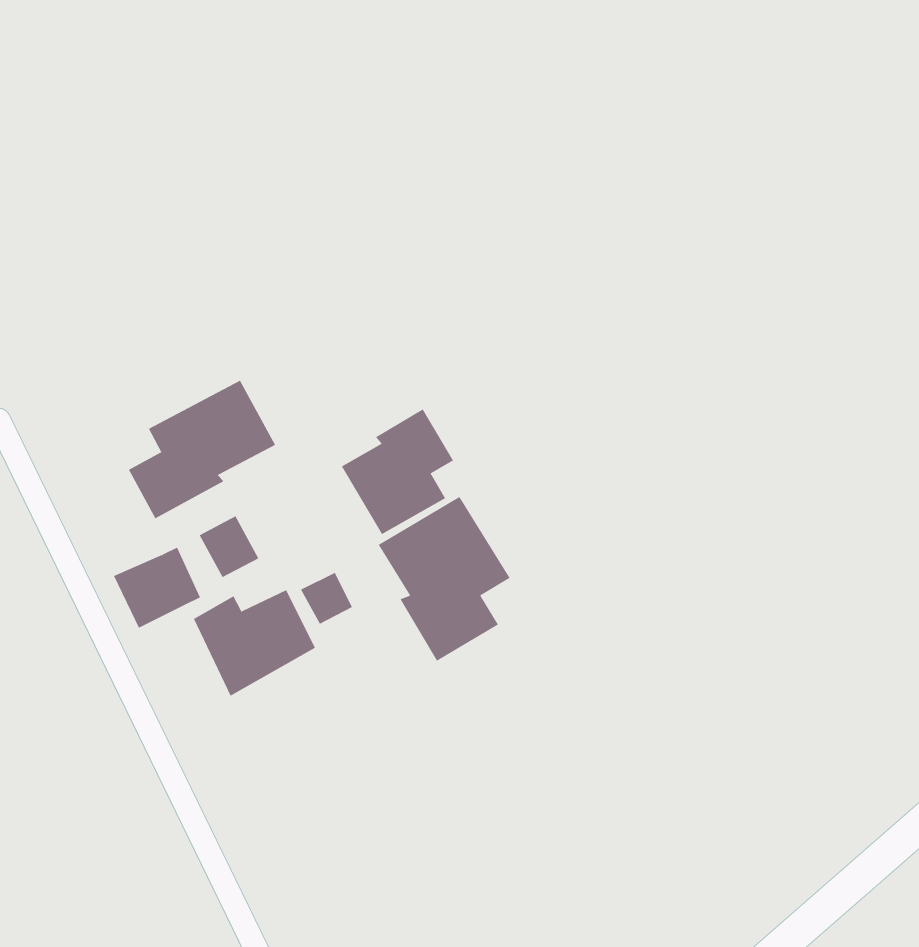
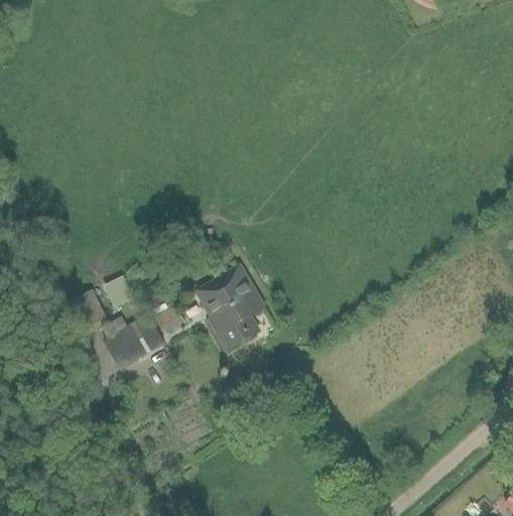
building: [128,380,276,519] -> none
building: [341,409,454,535] -> none

